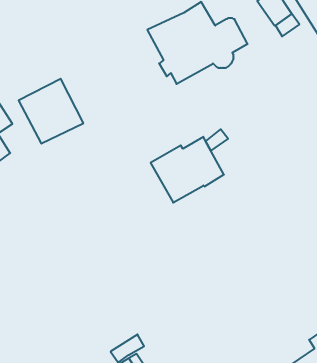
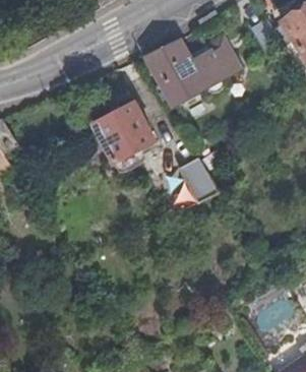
building: [19,79,83,144] -> [93,101,154,162]

